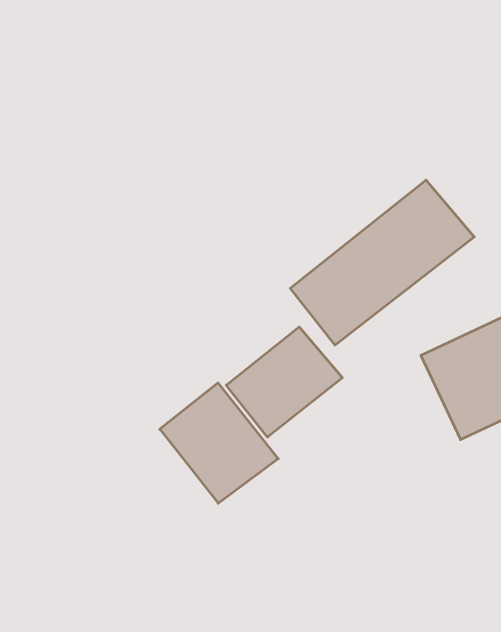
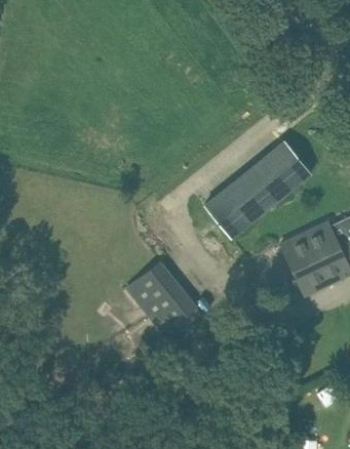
building: [226,327,342,437] -> none

